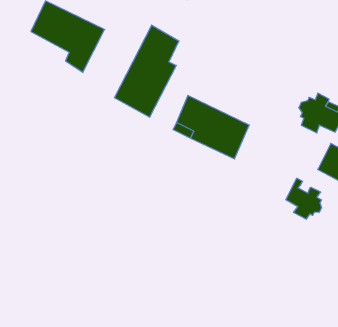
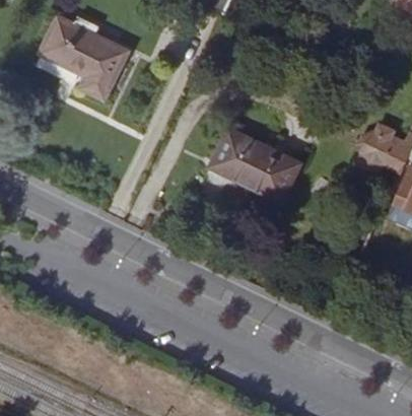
building: [115,25,179,117] -> none
building: [286,178,322,219] -> none

